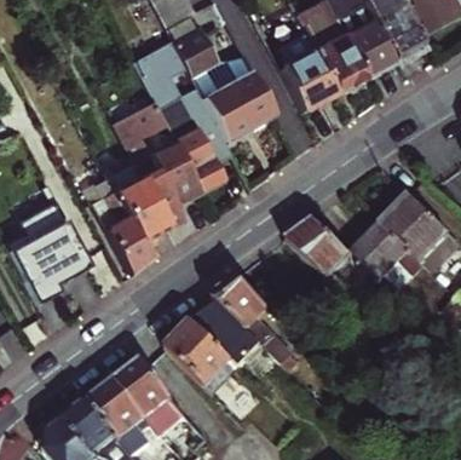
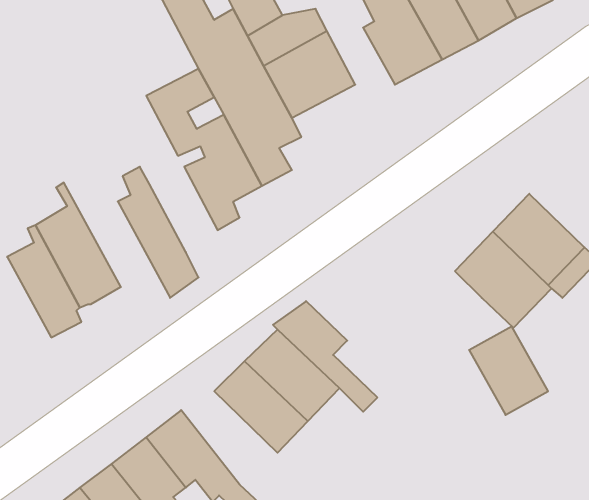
building: [116,174,169,240] -> none
building: [289,222,350,289] -> [469,326,548,415]

